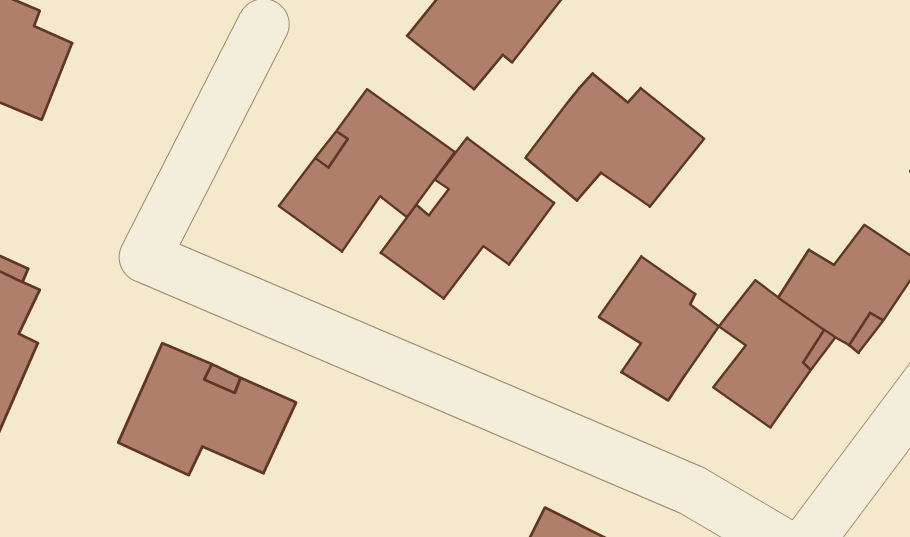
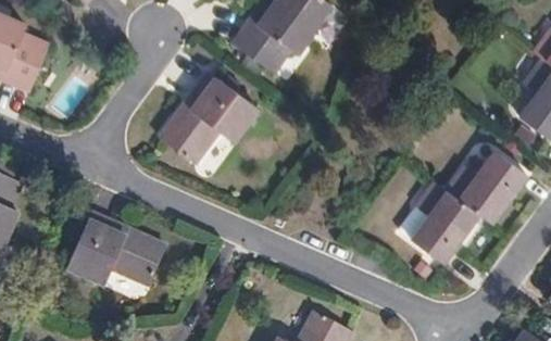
building: [526,73,704,207] -> none
building: [381,138,554,299] -> none
building: [599,256,719,400] -> none

